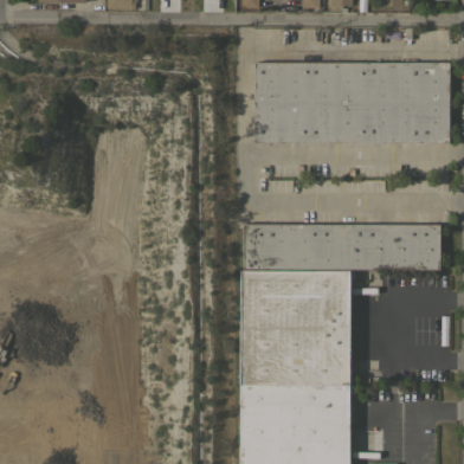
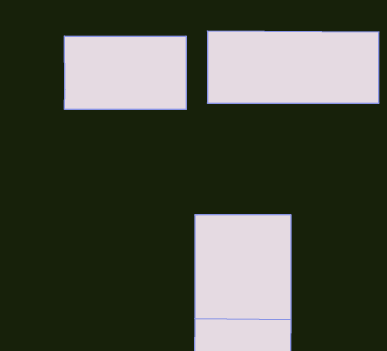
building: none -> [64,36,186,109]
building: [244,223,440,269] -> none

